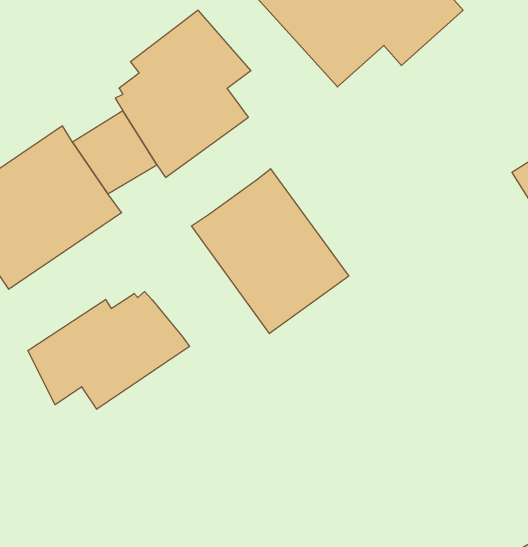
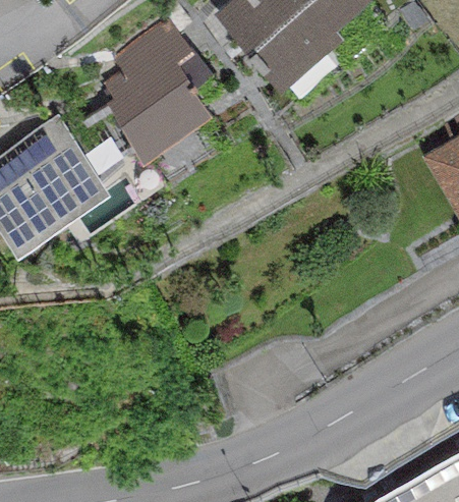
building: [191,169,349,334] -> none
building: [28,292,190,409] -> none

